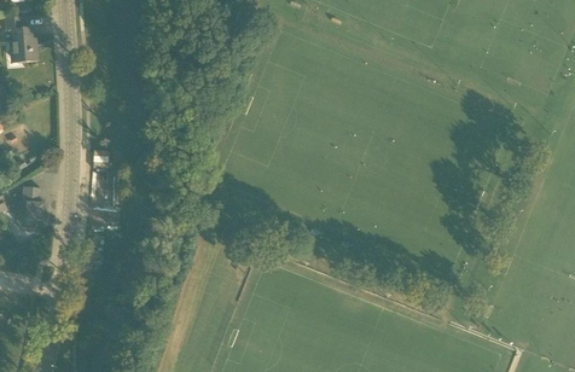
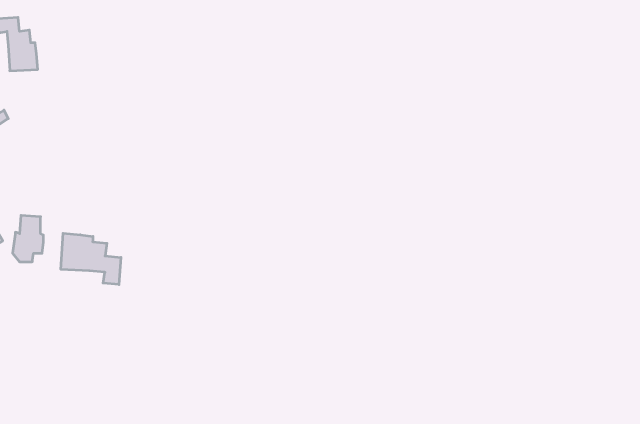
building: none -> [61,233,121,285]

